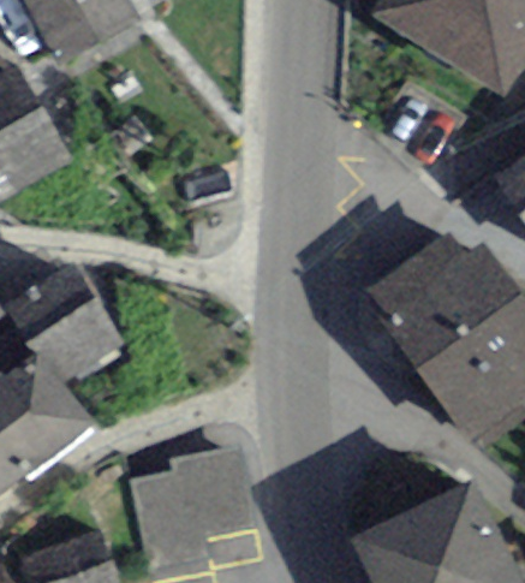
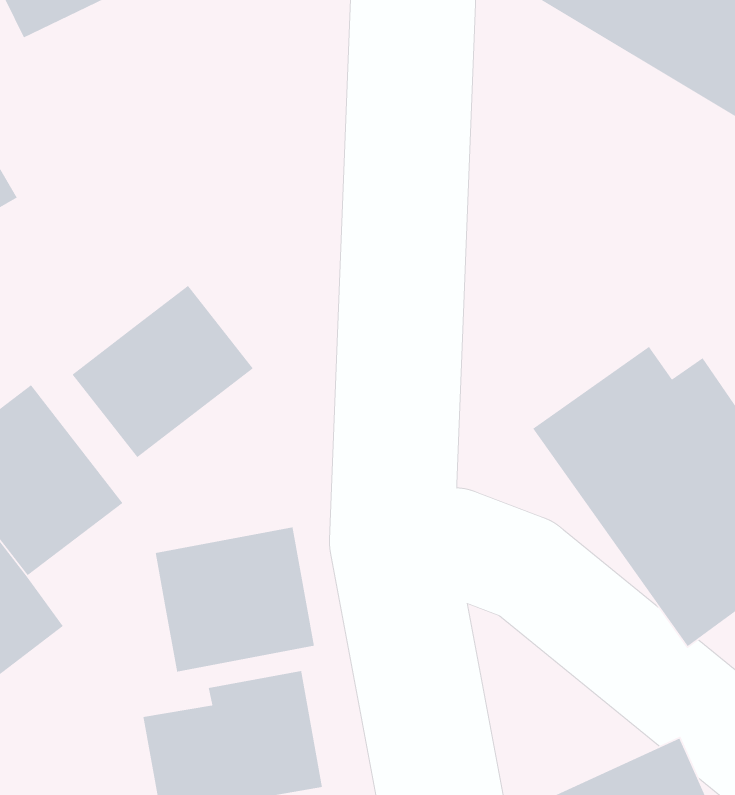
building: none -> [72,285,254,458]
building: none -> [155,526,315,672]

